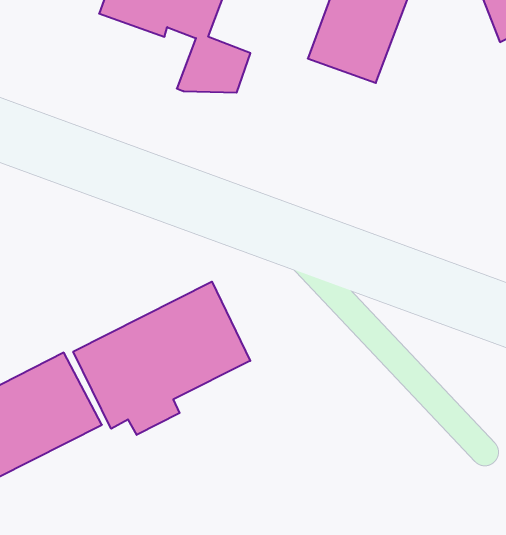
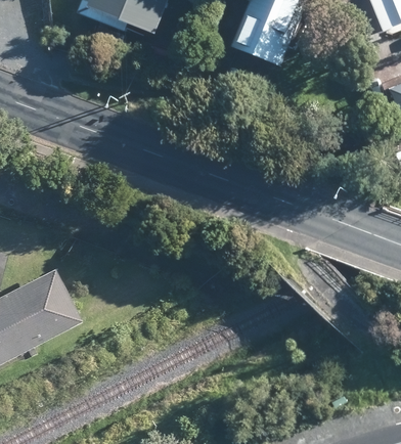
building: [73,282,250,435] -> none

